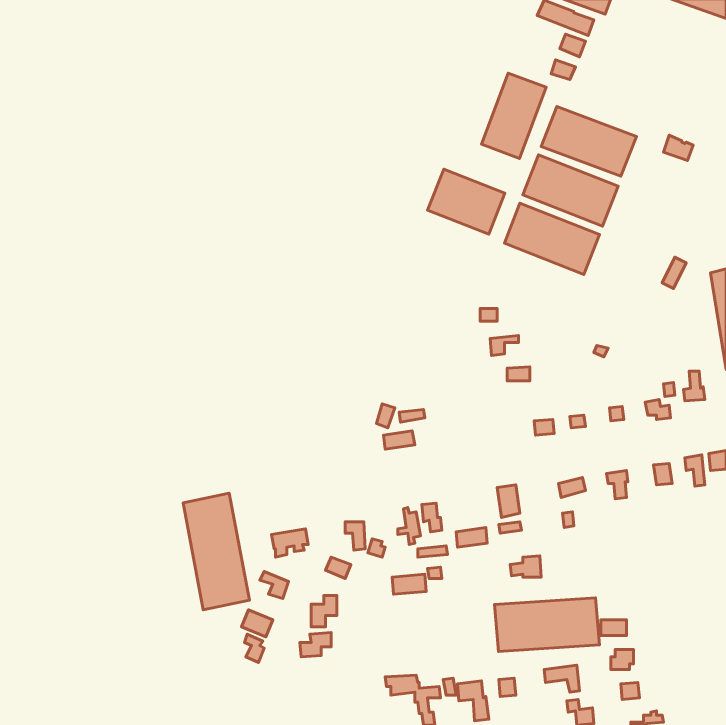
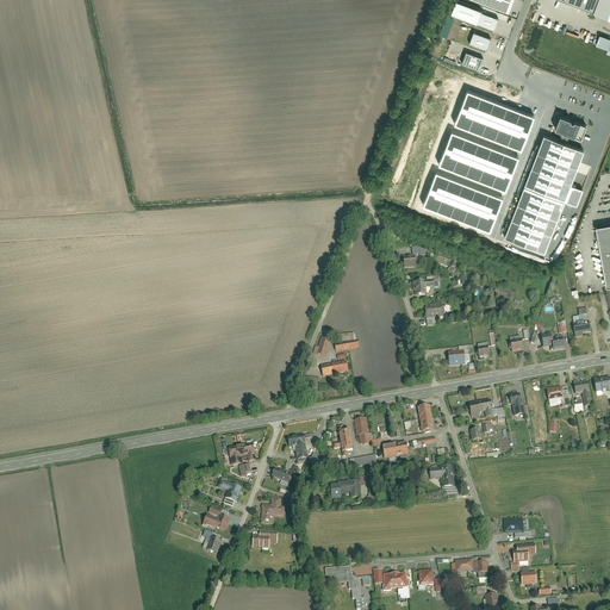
building: [482,73,546,159] -> none
building: none -> [505,133,585,251]
building: [428,169,505,234] -> none
building: [183,493,249,610] -> none
building: [495,598,599,651] -> none

